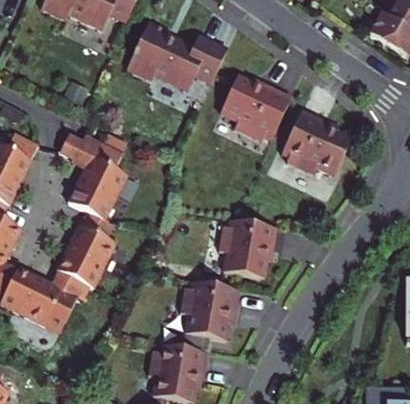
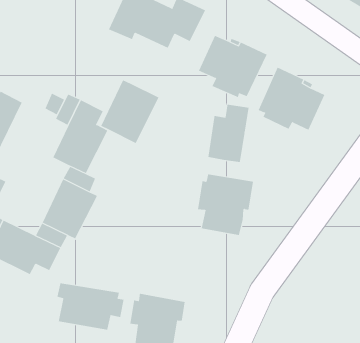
building: none -> [101,79,159,144]
building: none -> [208,104,249,163]
building: [180,281,238,340] -> none
building: none -> [57,282,124,330]

